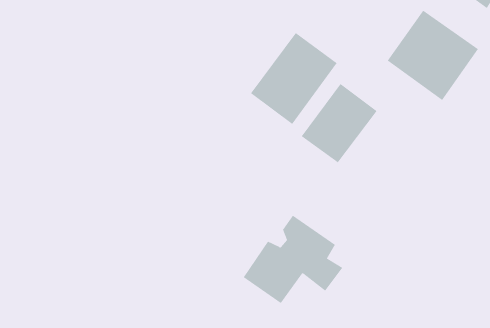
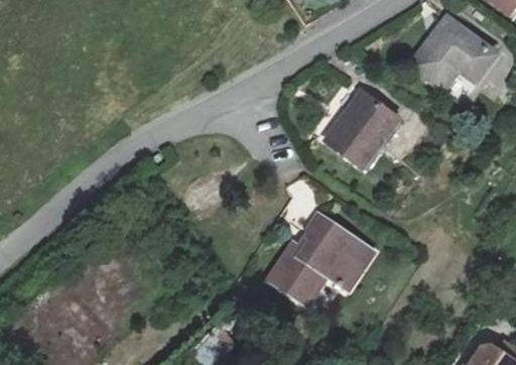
building: [250,32,338,125] -> none

